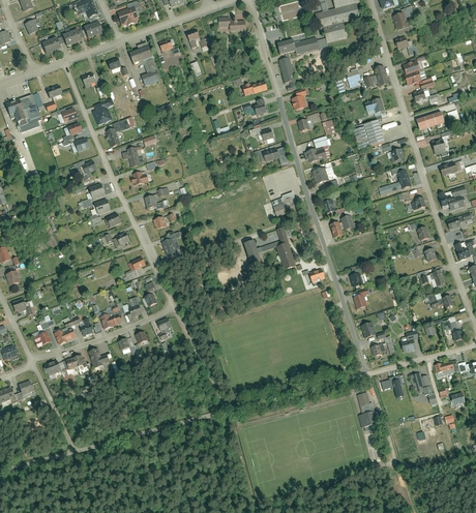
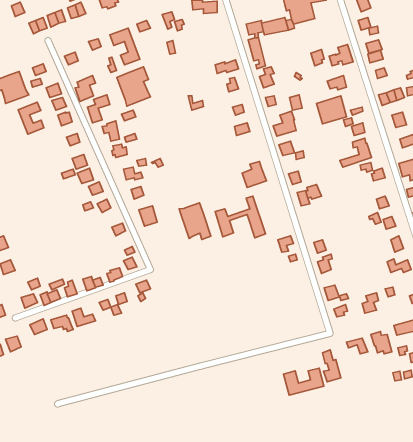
building: none -> [117,67,151,106]
building: none -> [18,102,44,134]
building: none -> [179,203,211,240]
building: none -> [283,368,324,395]

